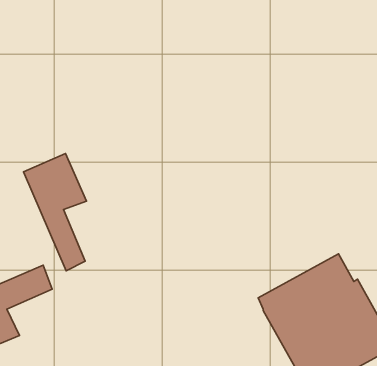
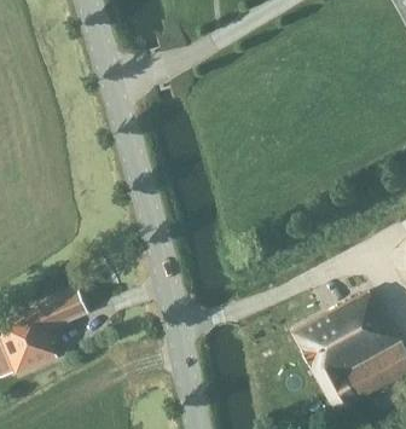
building: [24,154,87,271] -> none

